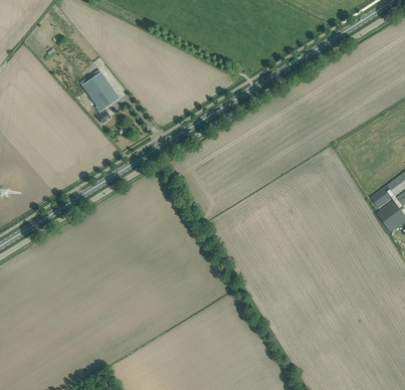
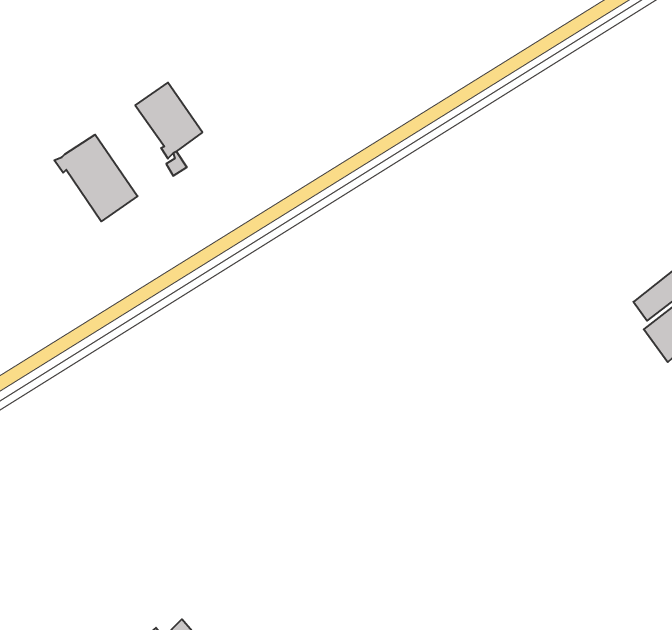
building: none -> [54,135,138,221]

